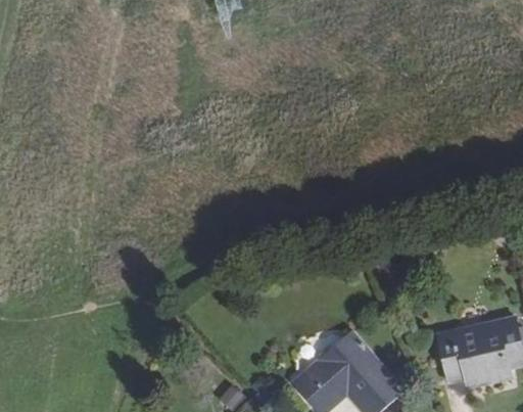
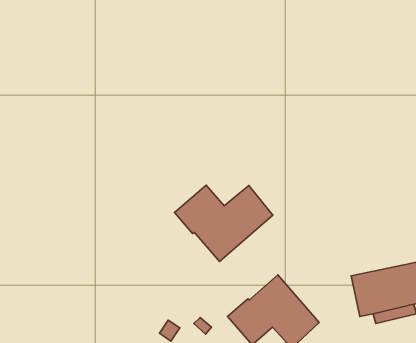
building: none -> [174,185,273,262]

